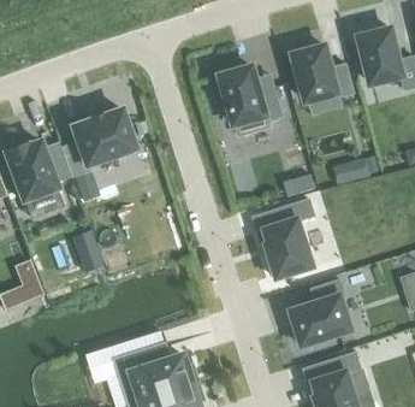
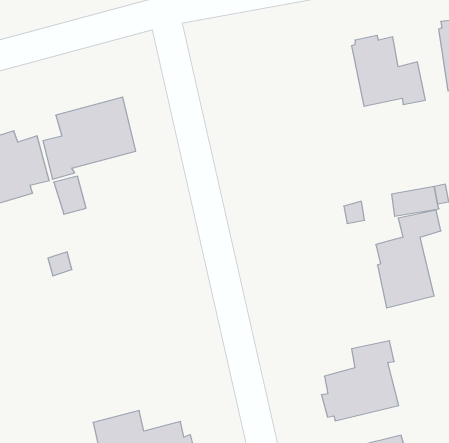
building: [221,66,283,136] -> none
building: [265,200,314,278] -> [376,210,441,308]

